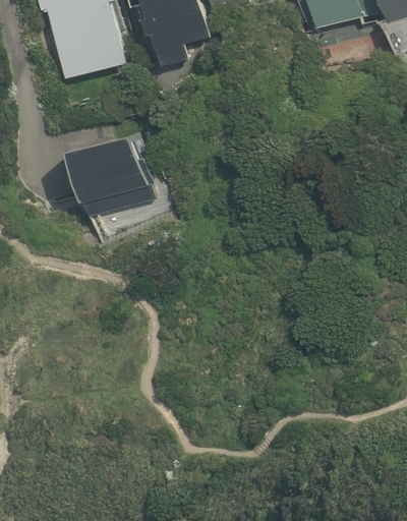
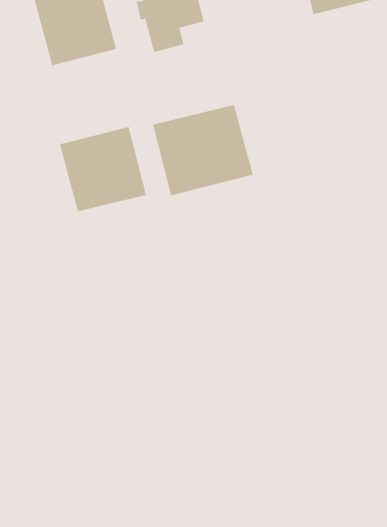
building: none -> [152,104,254,196]

